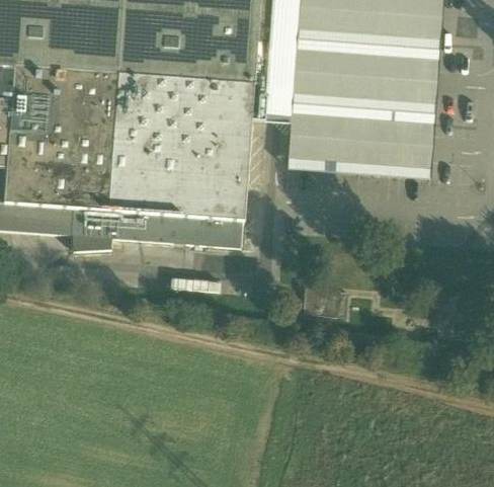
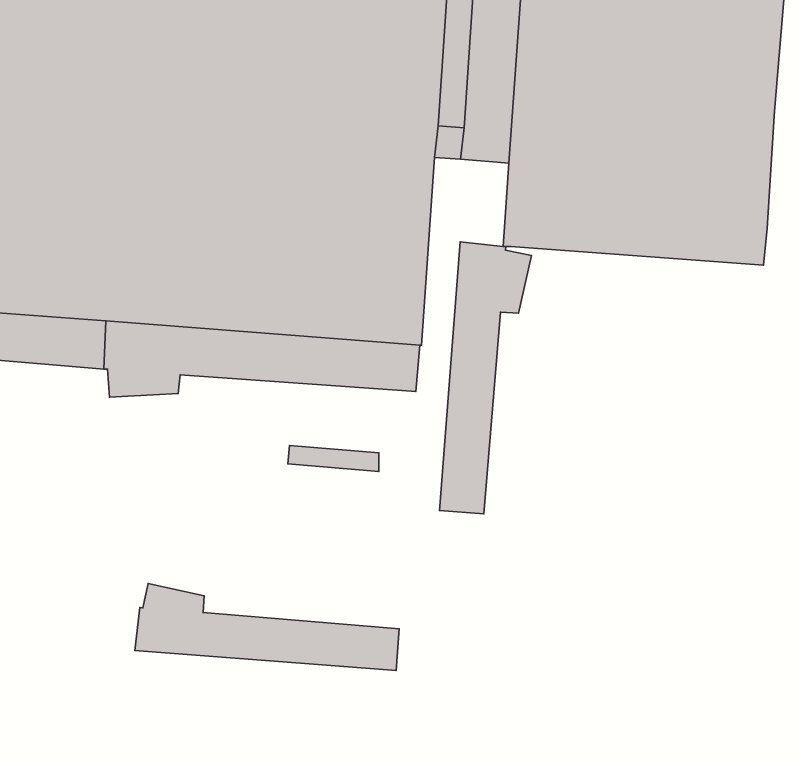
building: none -> [440,242,531,514]
building: none -> [135,583,399,671]

